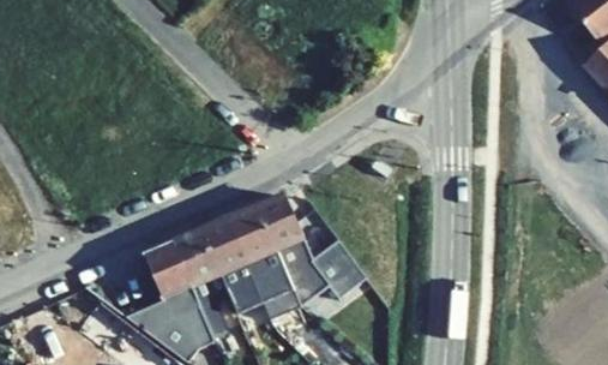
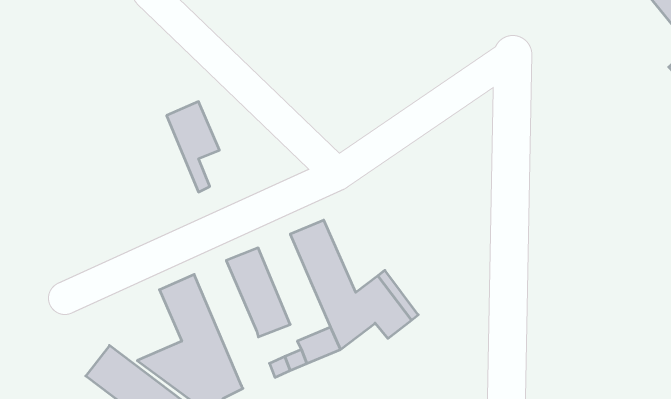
building: [229,208,275,286] -> [167,102,219,192]
building: [174,231,228,339] -> none

